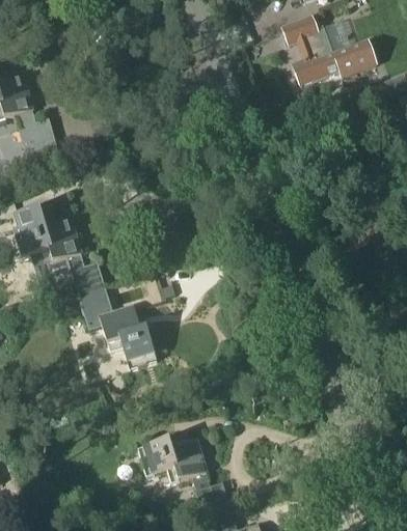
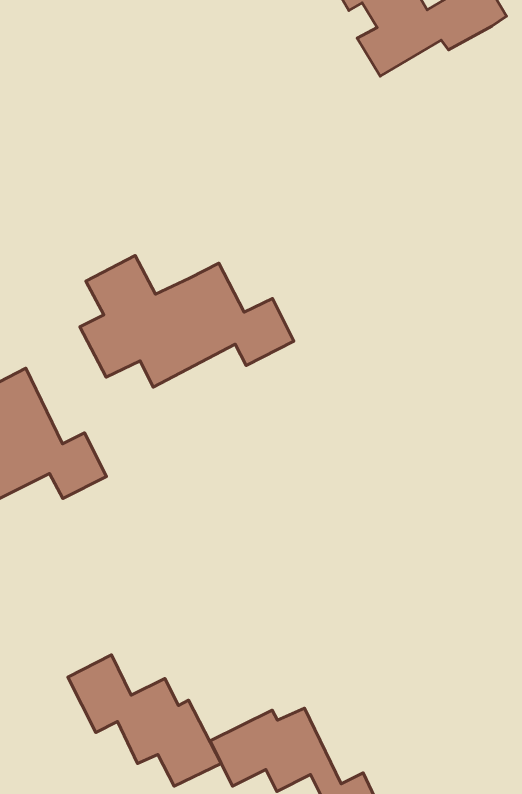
building: none -> [80,255,294,387]
building: [77,285,156,366] -> [68,655,221,786]

